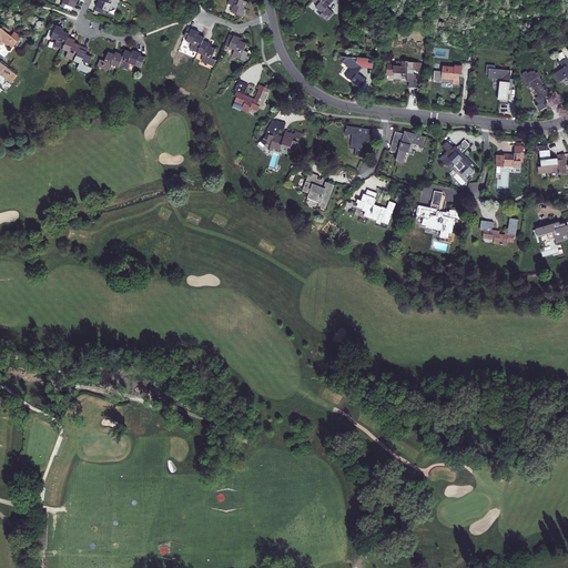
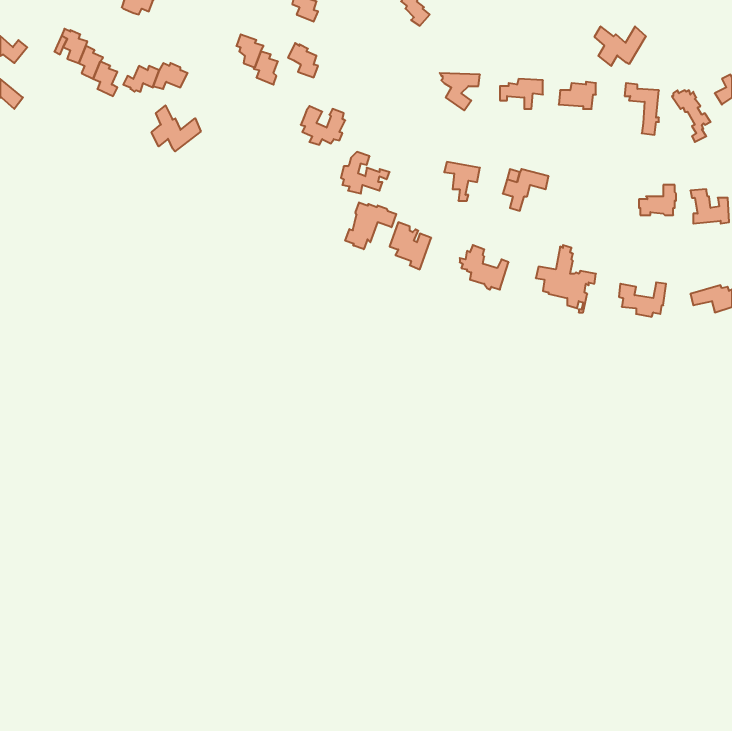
building: none -> [595,26,646,66]
building: none -> [152,105,201,151]
building: [438,140,475,179] -> none
building: none -> [345,202,396,249]

